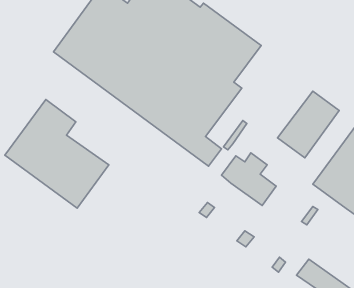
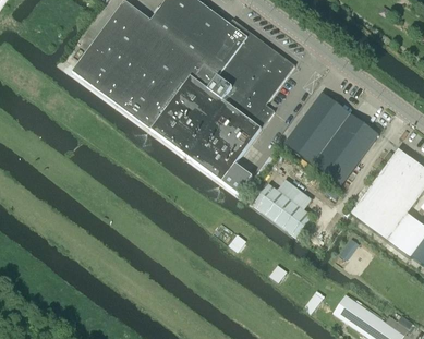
building: none -> [286,93,351,164]
building: [5,100,109,208] -> none

